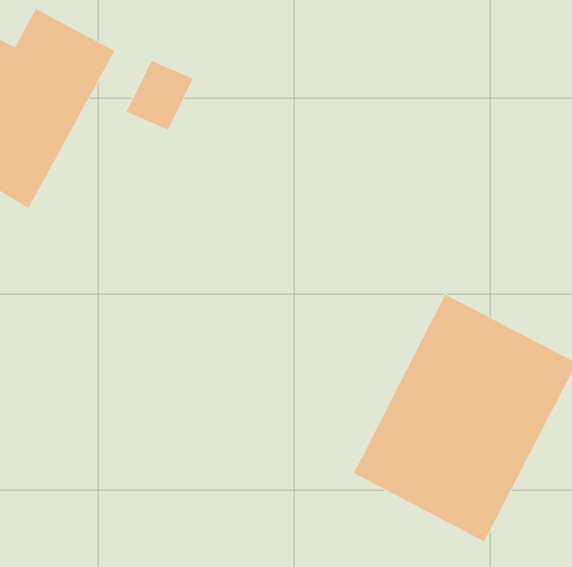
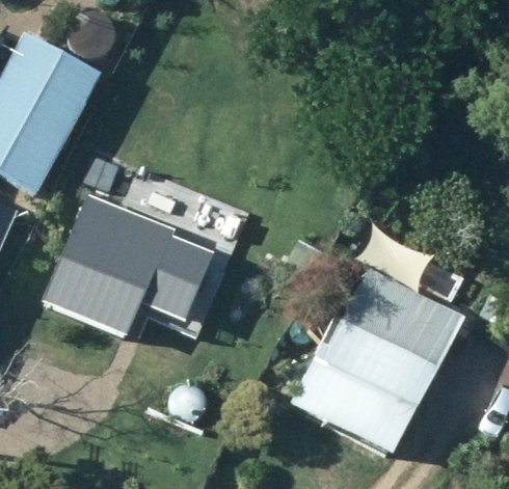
building: none -> [42,201,210,334]

